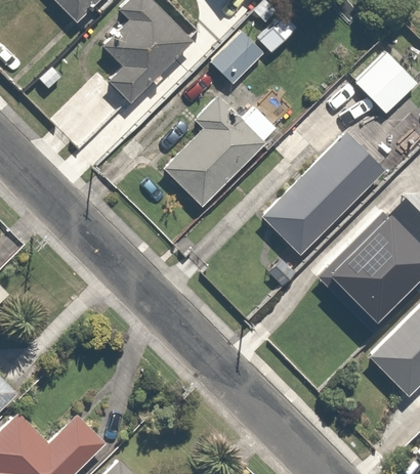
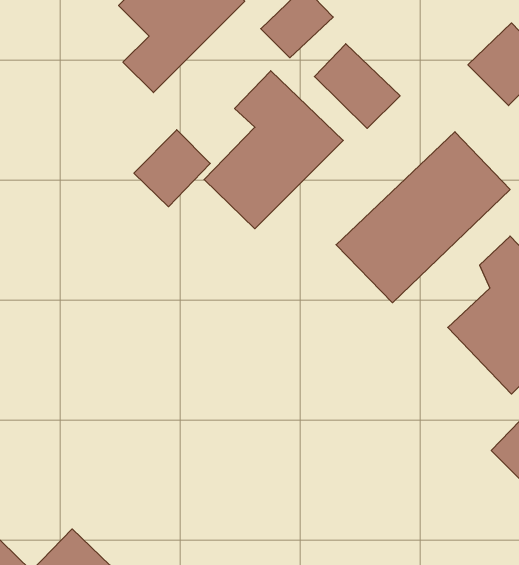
building: none -> [314,44,400,128]
building: none -> [134,130,210,207]

